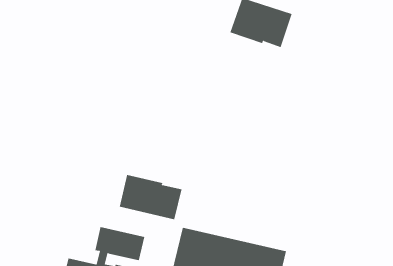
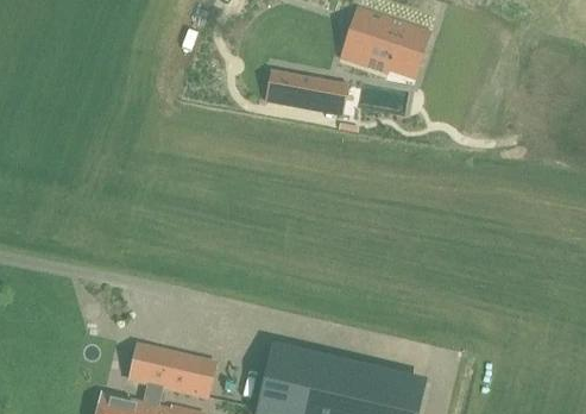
building: none -> [264,70,348,118]
building: [119,174,182,220] -> none

